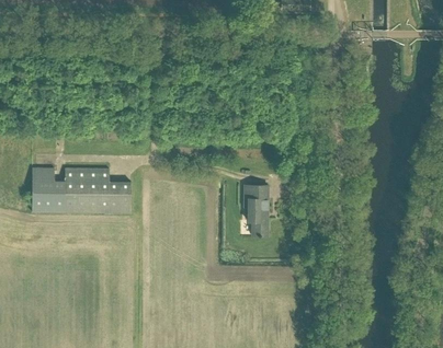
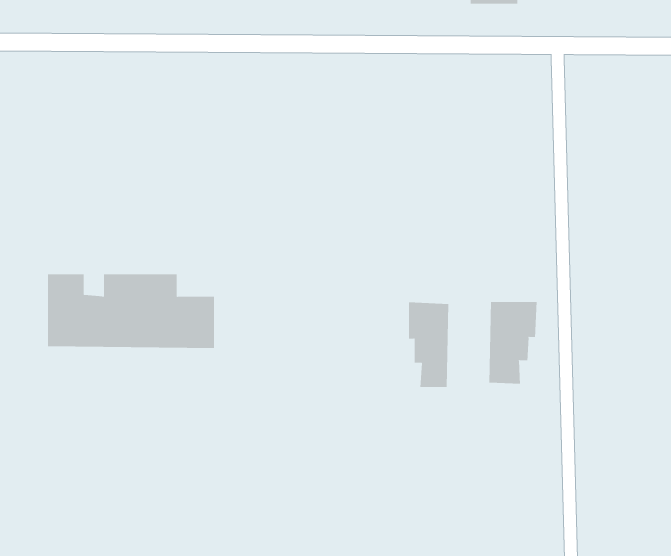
building: none -> [489,301,537,384]

